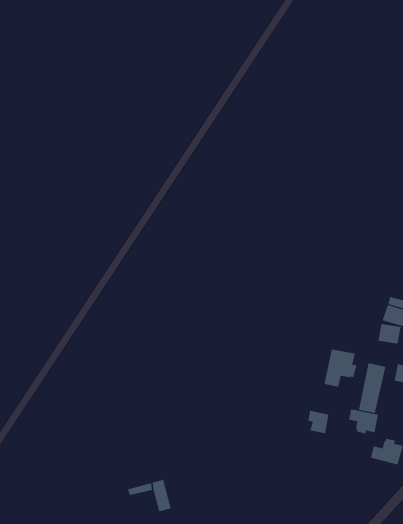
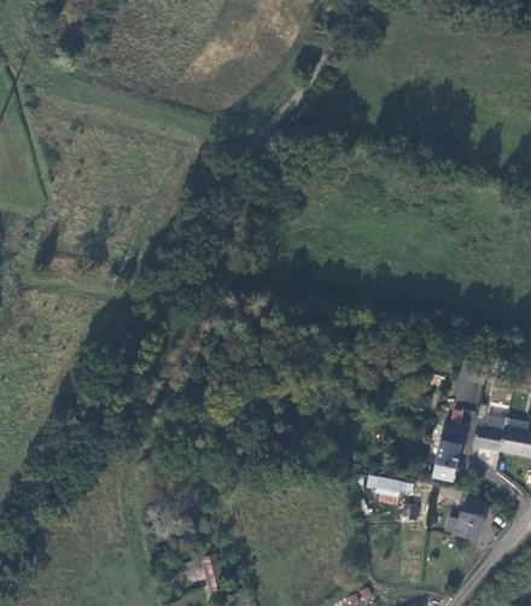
building: [324,348,357,388] -> none
building: [349,409,378,434] -> none

